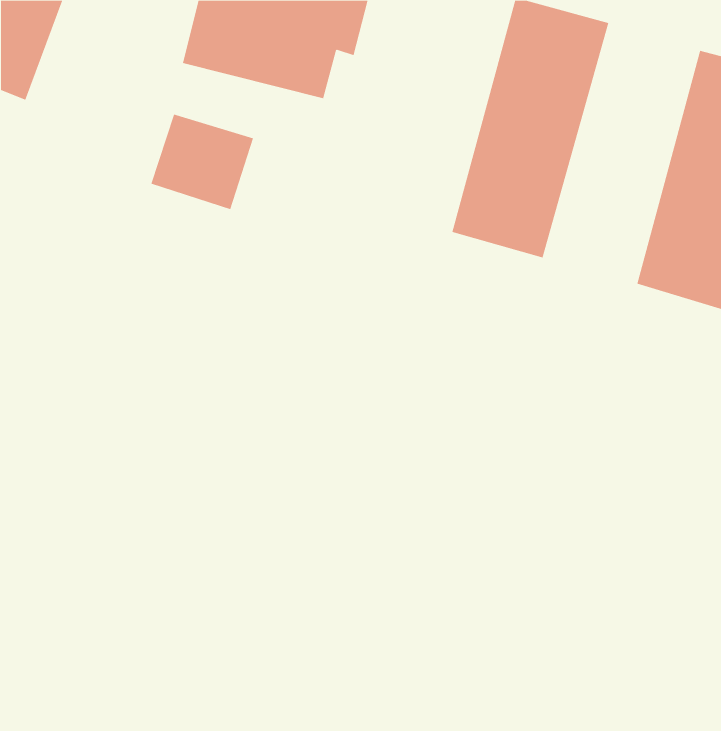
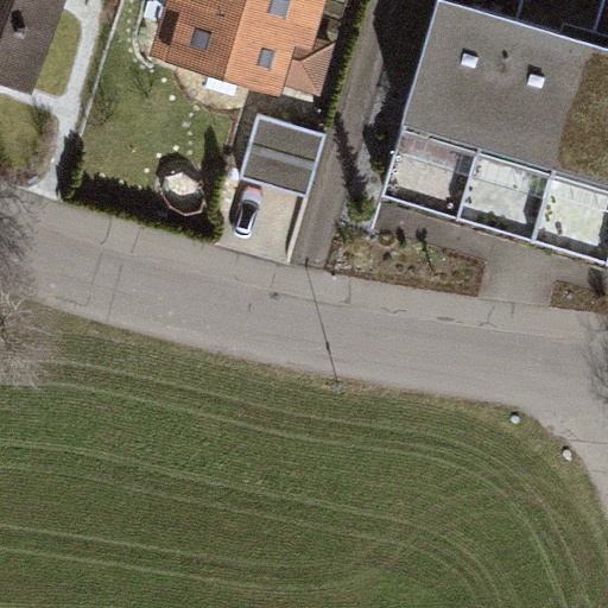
building: none -> [460,20,589,236]
building: [151,114,254,210] -> [241,114,327,194]

